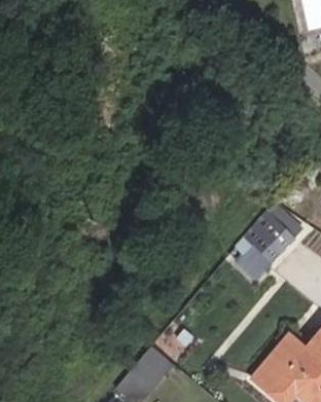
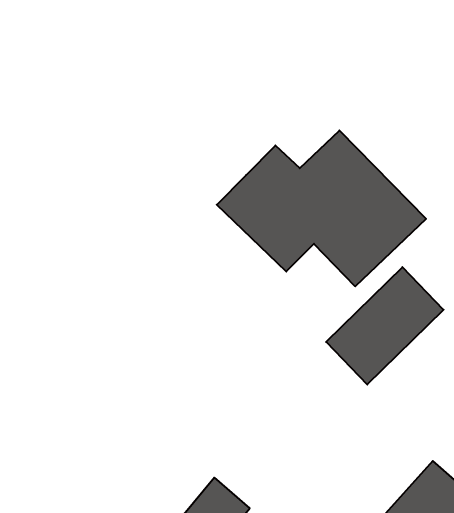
building: none -> [217,130,426,286]

